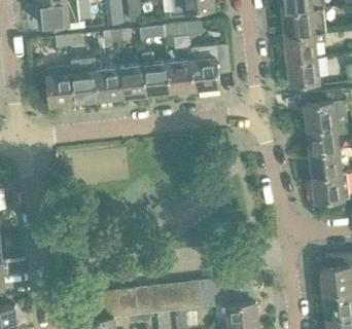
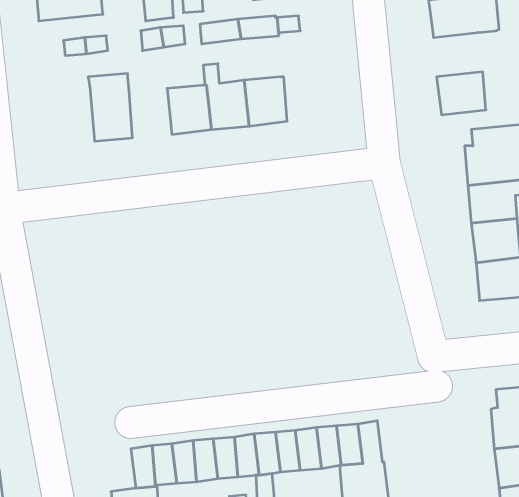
building: [285,33,325,62] -> none
building: [188,46,228,89] -> none
building: [36,68,73,105] -> none
building: [95,69,121,100] -> none

